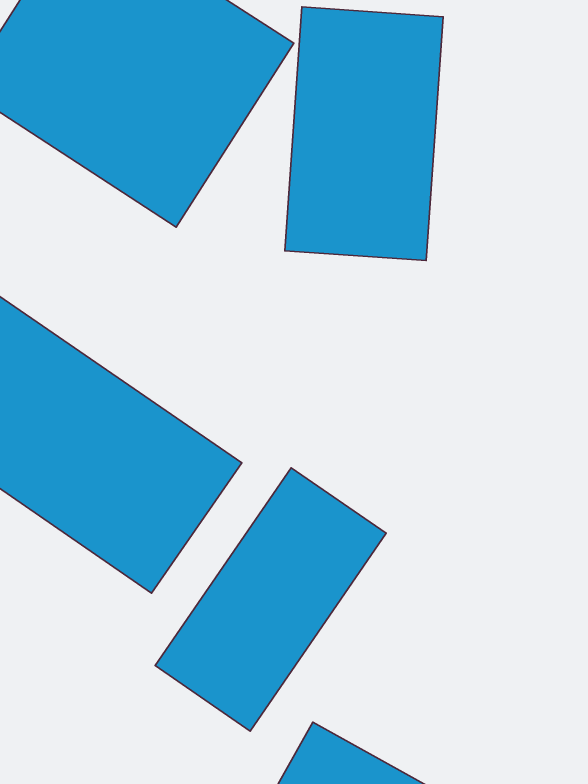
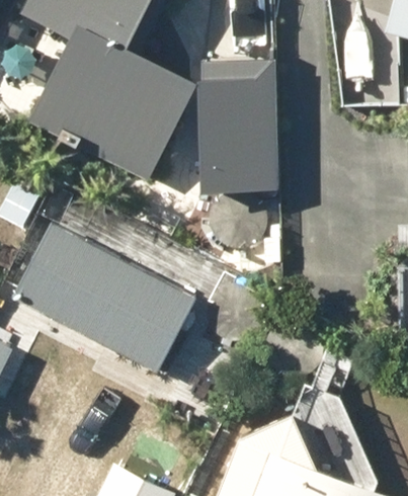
building: [155,468,386,731] -> none

